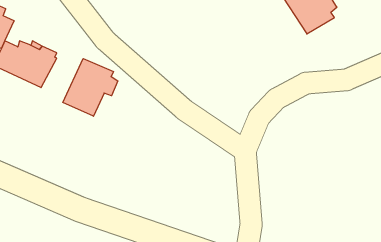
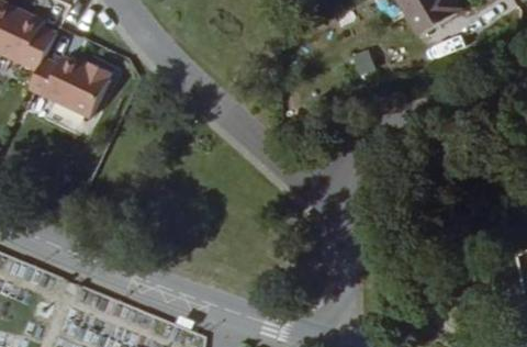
building: [63,59,118,116] -> none

